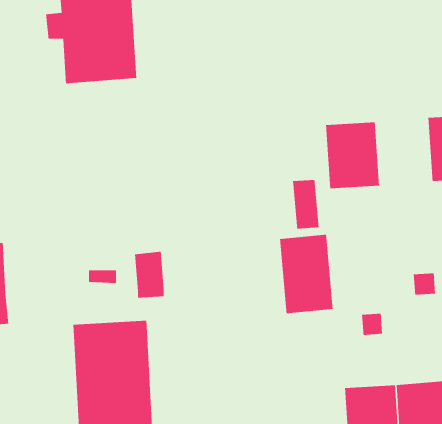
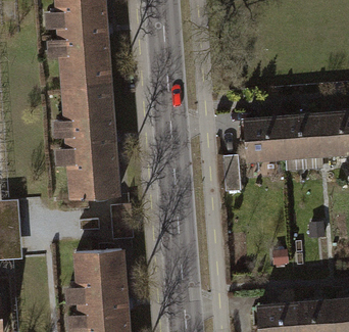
building: none -> [53,84,121,199]
building: none -> [283,111,322,160]
building: [279,234,334,314] -> none

